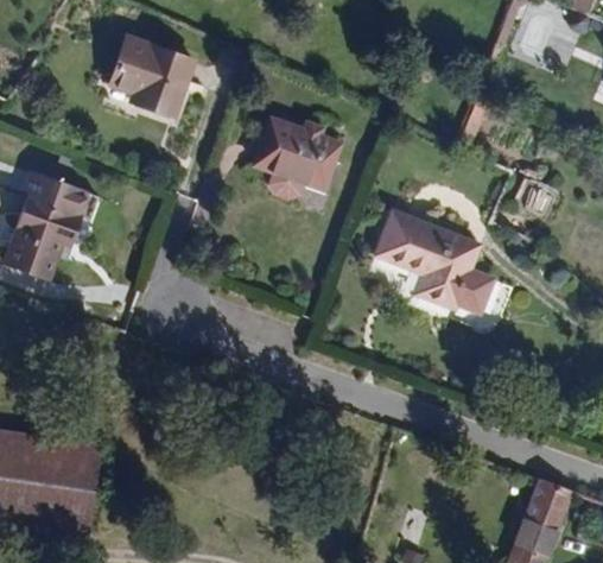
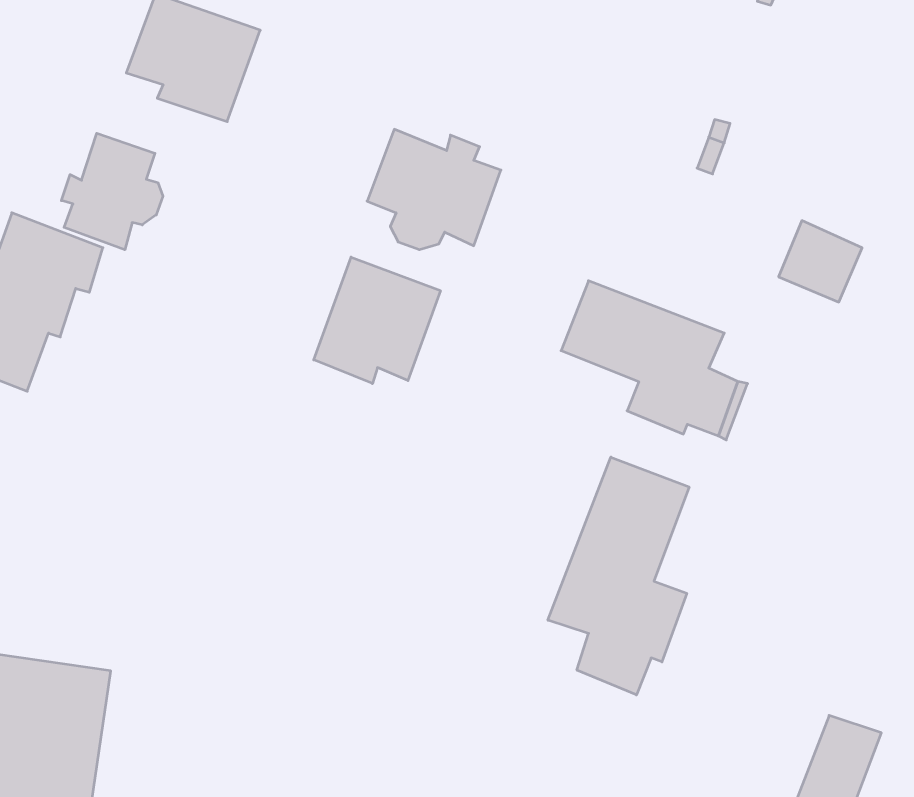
building: none -> [61,133,163,250]
building: none -> [314,257,440,384]
building: none -> [548,457,689,695]

